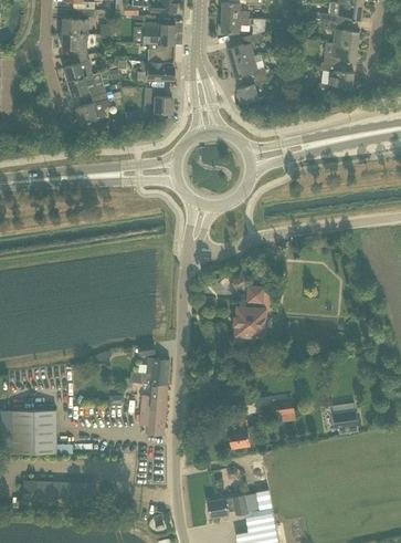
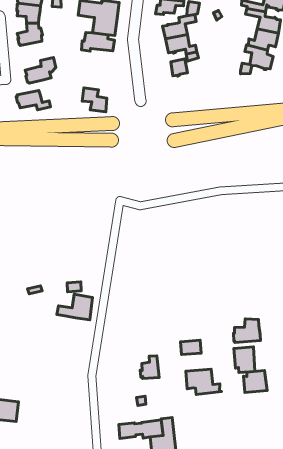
building: [65,74,105,96] -> [16,90,51,110]
building: [143,87,170,113] -> [82,88,107,112]
building: [234,286,264,336] -> none
building: none -> [233,319,260,342]
building: [139,384,167,435] -> none
building: none -> [244,371,267,392]
building: none -> [186,369,222,394]

